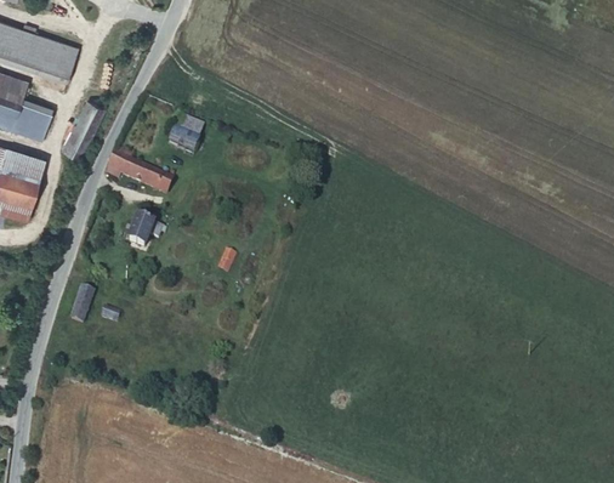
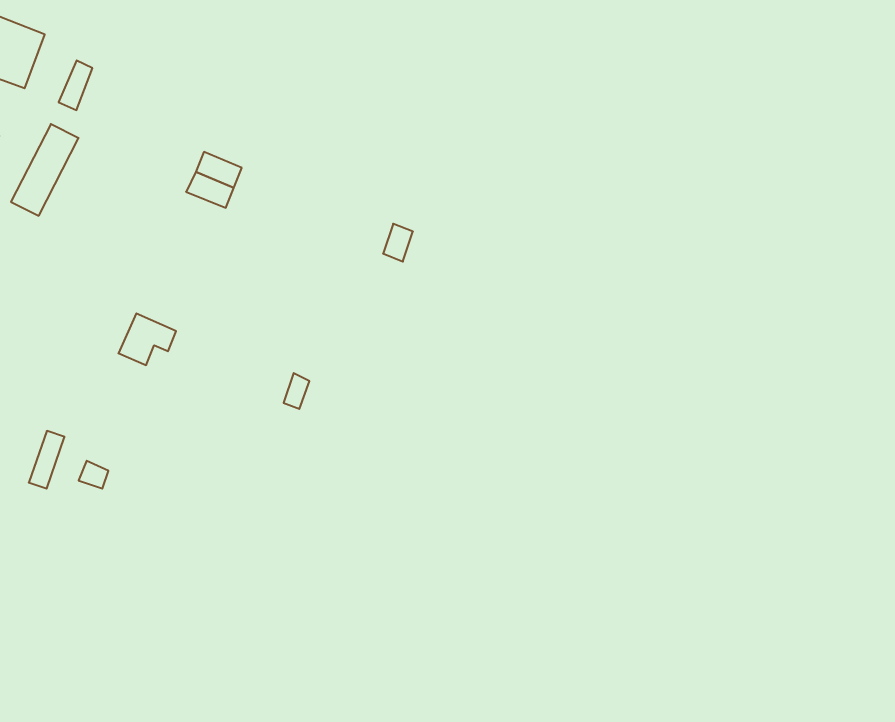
building: [104,154,170,194] -> none

